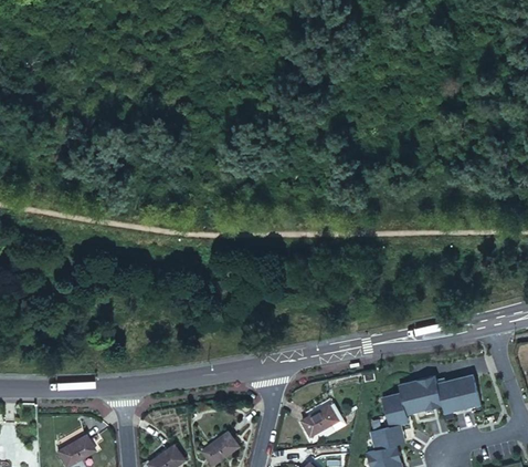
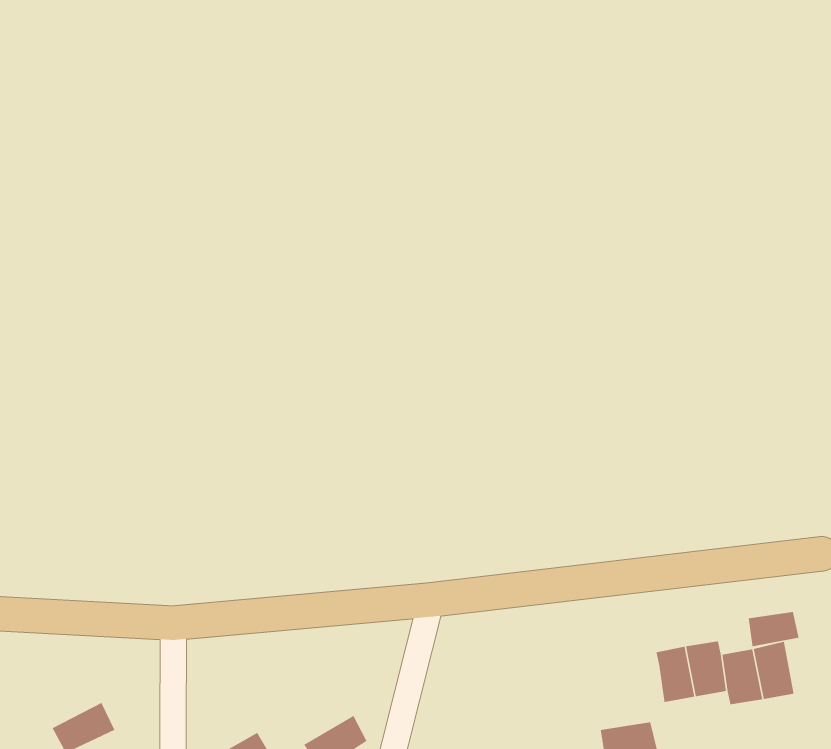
building: none -> [748,611,800,647]
building: [382,393,408,427] -> none
building: [302,406,339,438] -> none

